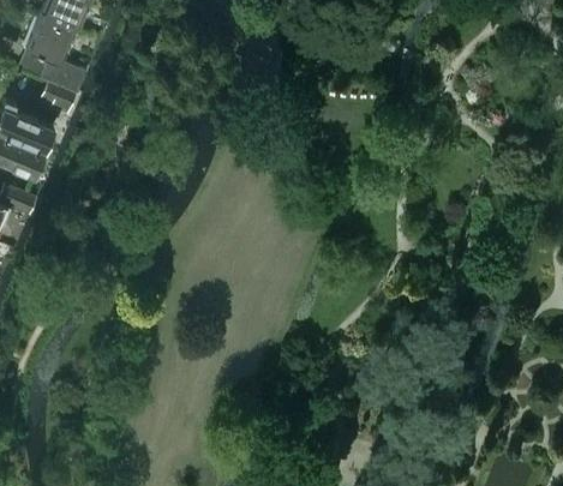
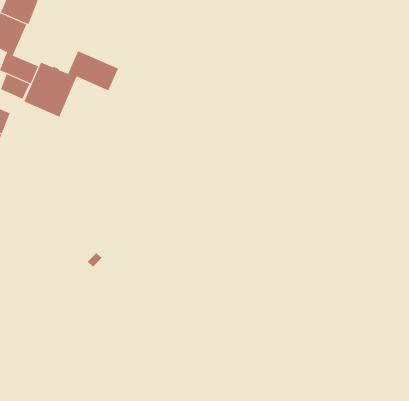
building: none -> [23,51,119,118]

